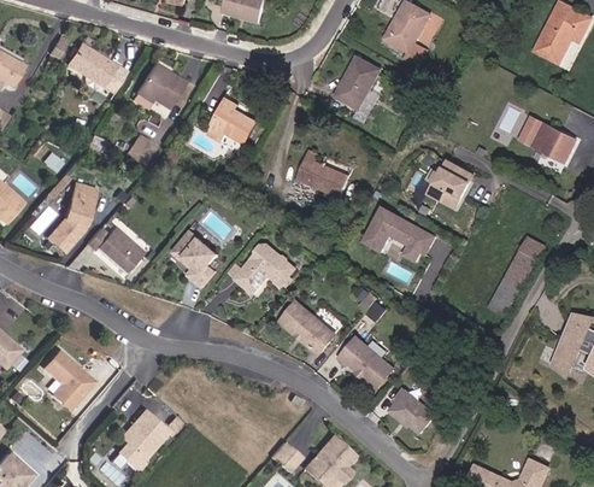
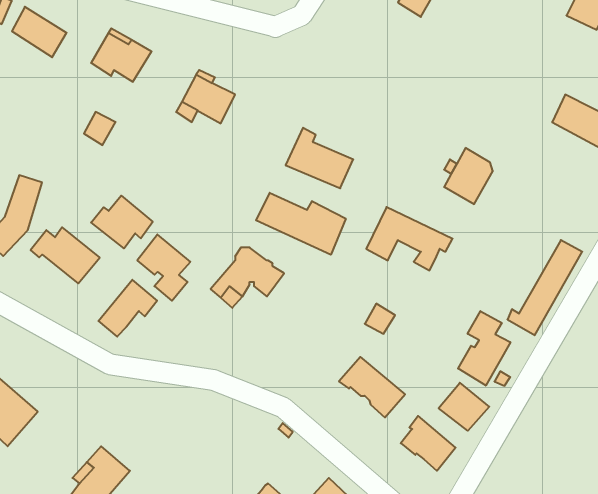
building: [336,57,382,110] -> none
building: none -> [256,193,346,255]
building: none -> [91,196,153,248]
building: none -> [98,280,157,337]
building: none -> [458,311,510,386]
building: [283,301,340,354] -> none
building: none -> [439,383,489,431]

